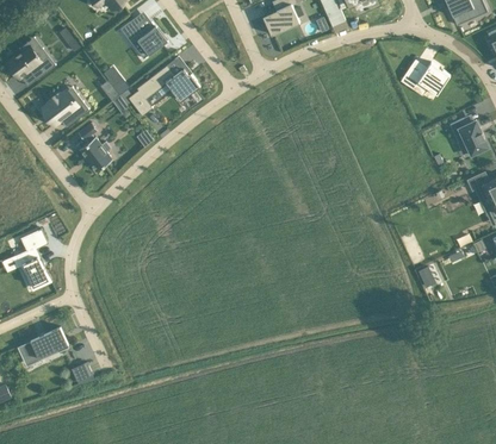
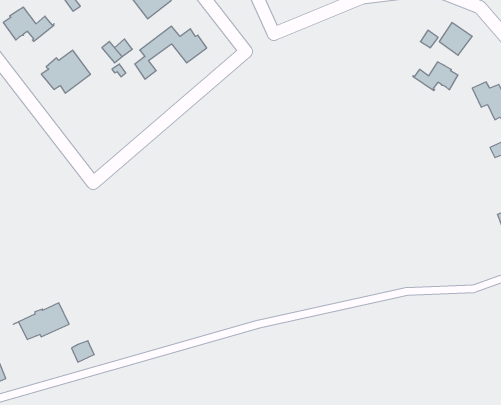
building: none -> [413,62,458,91]
building: [78,121,112,171] -> none
building: [16,227,49,286] -> none

